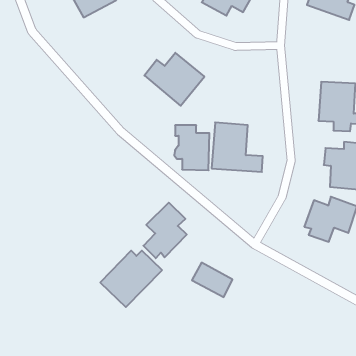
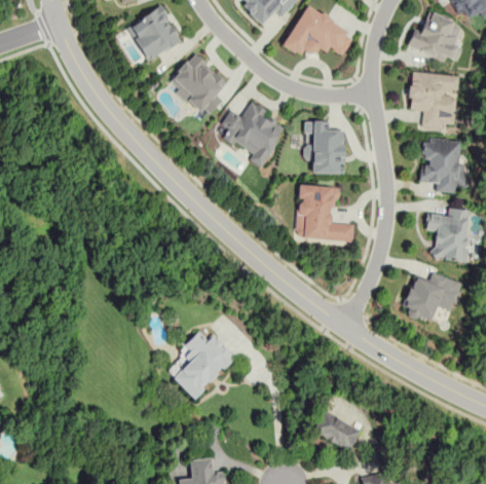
building: none -> [170,54,226,114]
building: none -> [405,71,457,132]
building: [174,125,209,170] -> [303,121,344,174]
building: [143,203,187,258] -> none
building: [192,263,232,297] -> [312,411,360,451]

